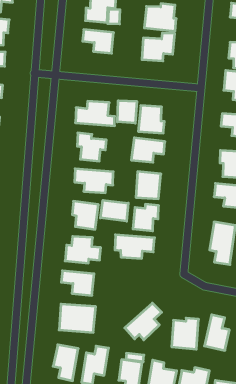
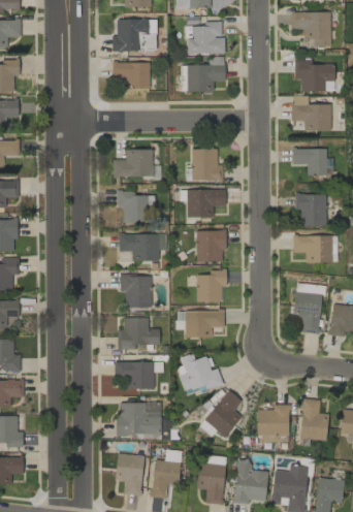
building: [117,101,137,123] -> none
building: [100,200,128,221] -> none
building: none -> [178,353,223,395]

